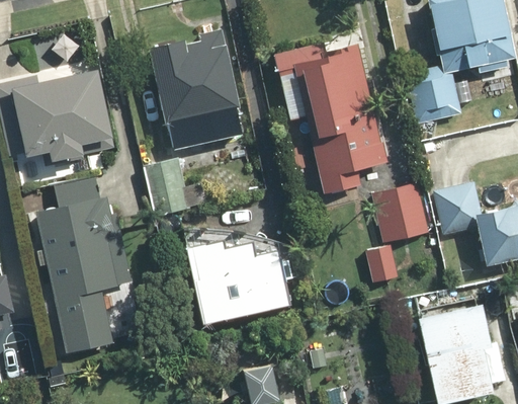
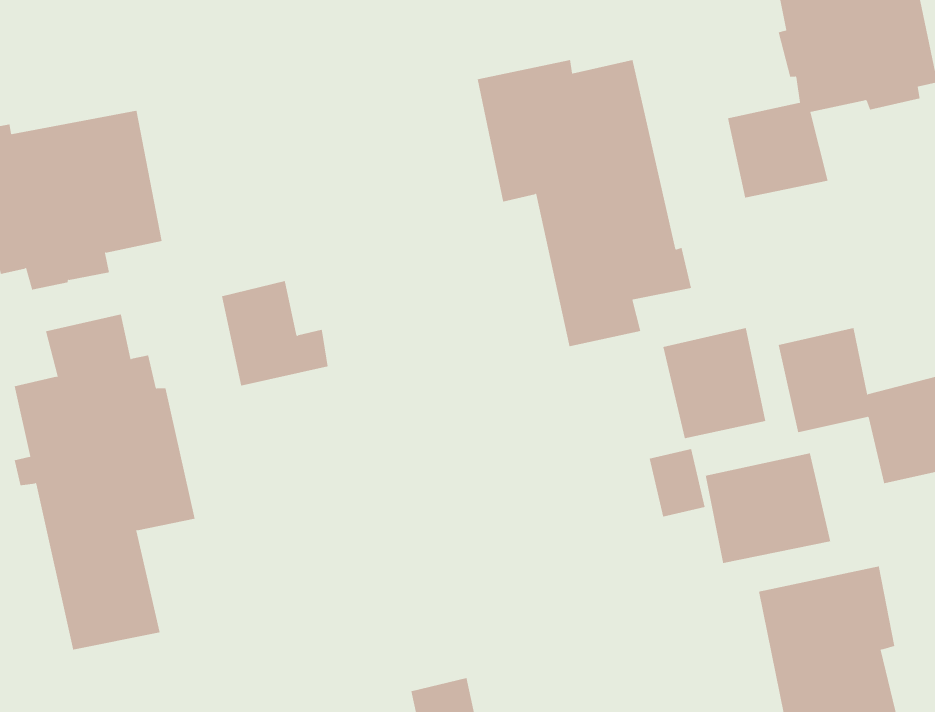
building: [151,30,242,149] -> none
building: [191,237,292,325] -> none
building: none -> [705,452,831,564]

